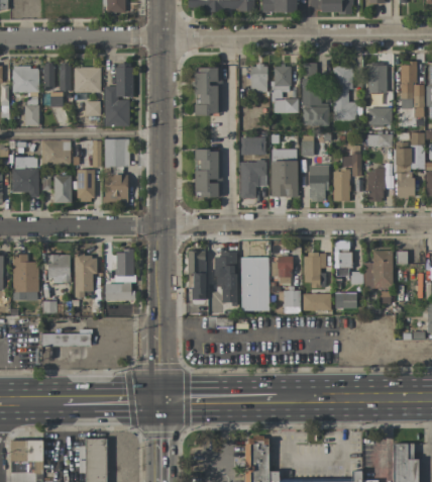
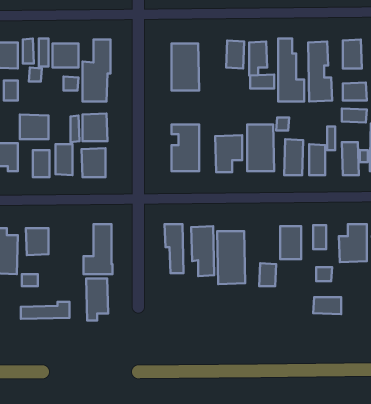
building: [240,136,265,156] -> none
building: [73,256,95,298] -> [86,279,108,320]
building: [278,256,292,284] -> none
building: [302,294,330,311] -> [313,297,341,314]

